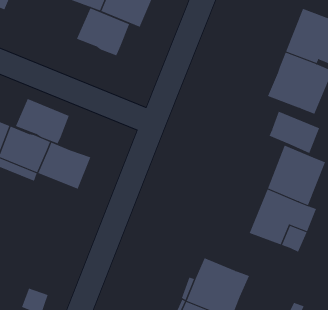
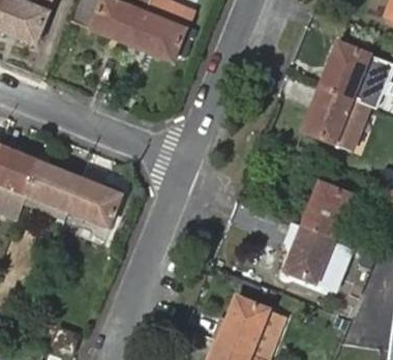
building: [76,7,130,56] -> none
building: [15,98,69,144] -> none
building: [269,111,320,154] -> none

